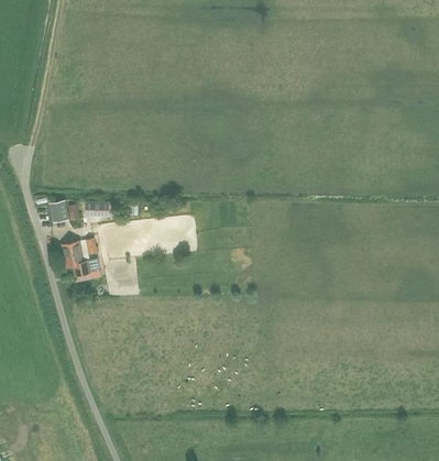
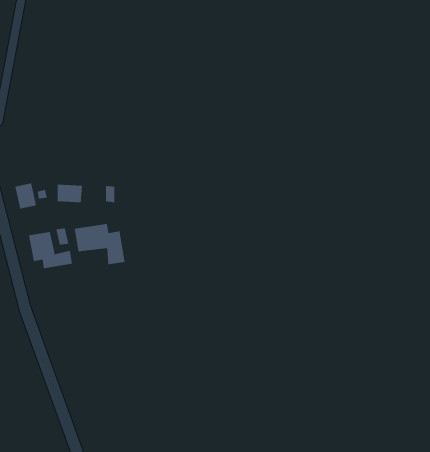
building: none -> [74,223,125,265]

